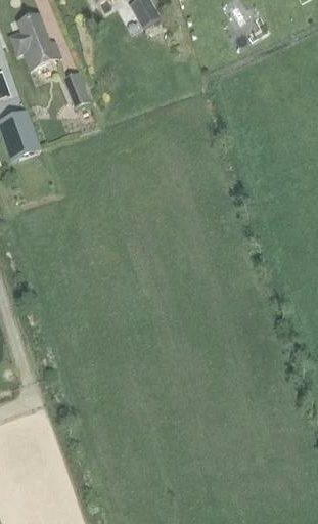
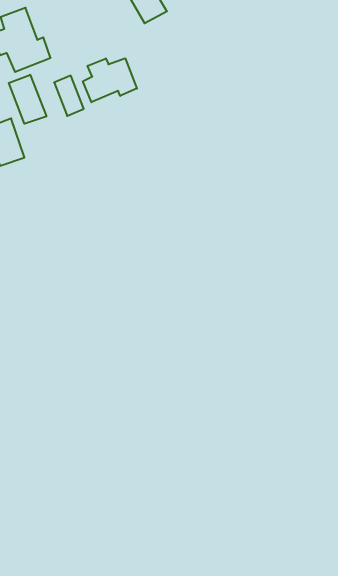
building: none -> [83,58,137,102]
building: none -> [9,75,46,124]

